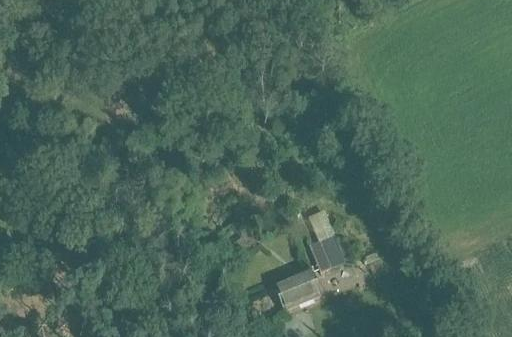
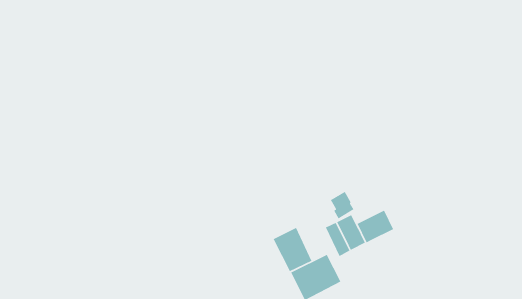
building: none -> [356,209,394,243]
building: none -> [273,227,313,272]

